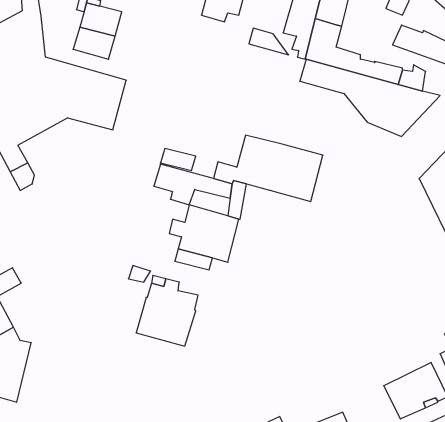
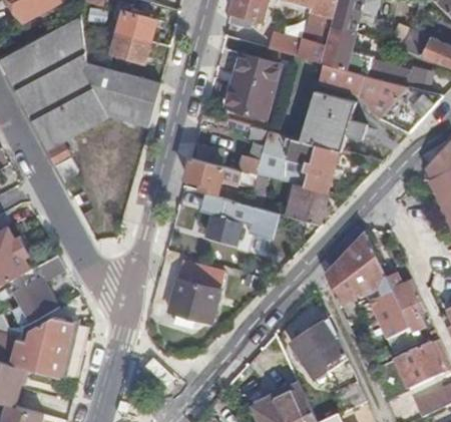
building: none -> [226,53,279,117]
building: none -> [301,89,366,150]
building: none -> [286,181,329,224]
building: none -> [324,236,424,354]
building: none -> [289,321,344,382]

